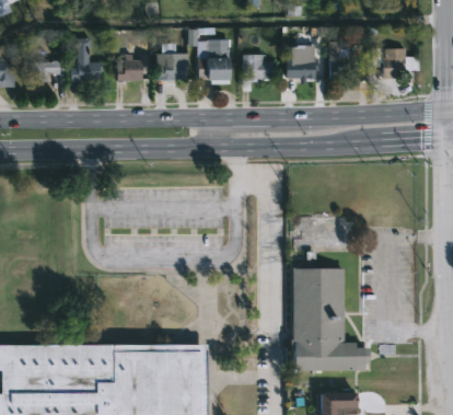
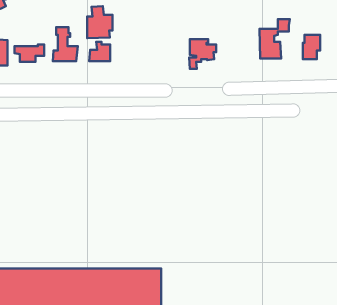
building: [198,39,230,84] -> none
building: [158,41,189,81] -> [87,6,113,38]
building: [286,43,317,80] -> none
building: [290,266,370,369] -> none

